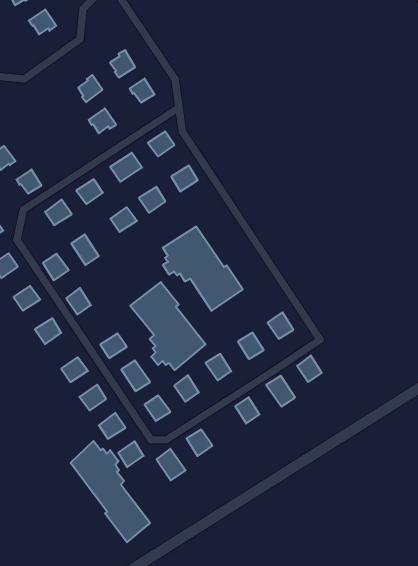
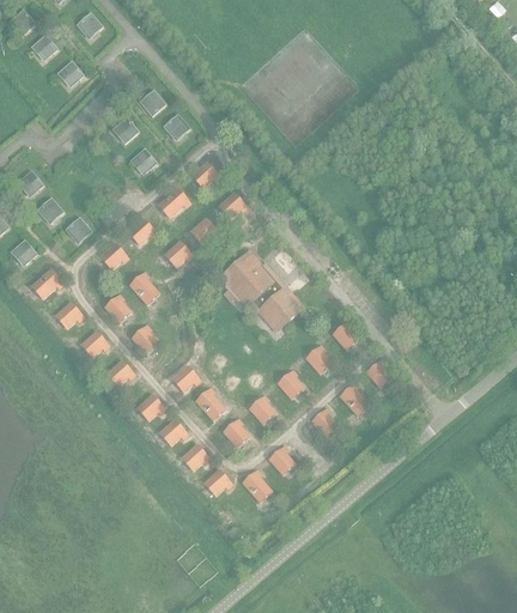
building: [130,282,206,370] -> none
building: [71,441,150,542] -> none

